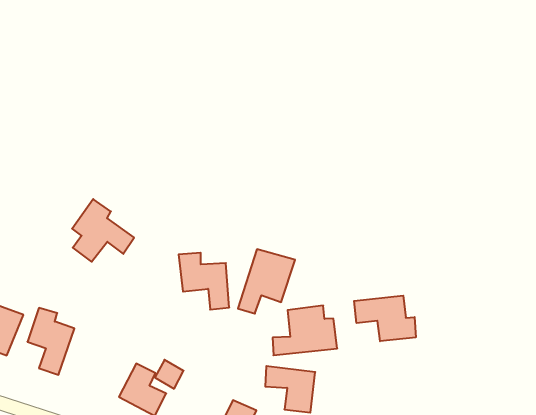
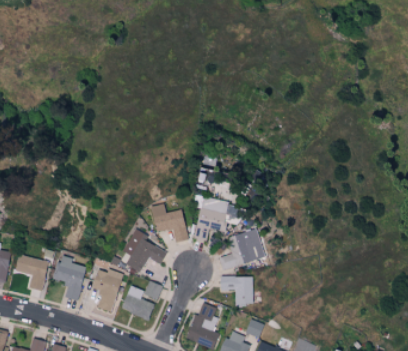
building: [72,199,134,262] -> [123,229,166,272]
building: [354,296,416,341] -> none
building: none -> [91,268,122,311]

